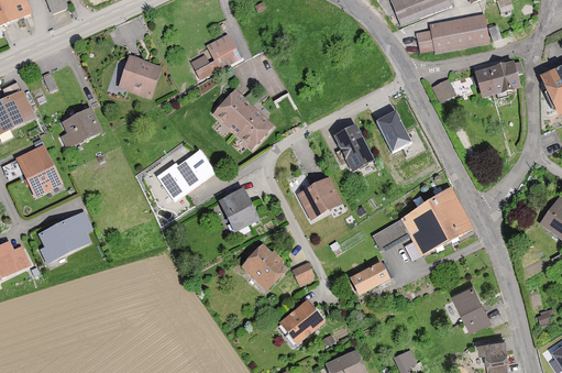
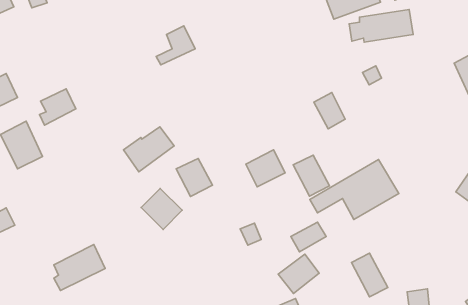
building: [117,53,161,96] -> none
building: [473,61,524,98] -> none
building: [212,89,274,149] -> none
building: [332,124,374,172] -> [293,155,330,196]
building: [37,209,97,262] -> [54,245,105,290]
building: [240,242,287,289] -> [141,188,182,229]
building: [450,281,492,331] -> [351,253,388,297]
building: [276,299,323,344] -> [278,254,319,293]

